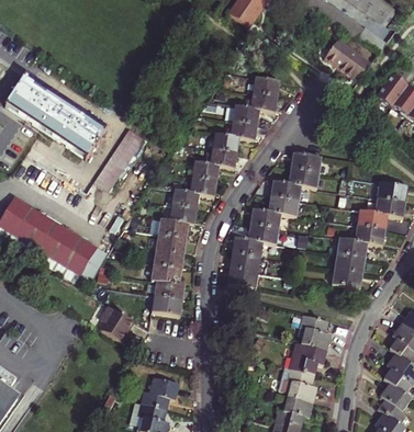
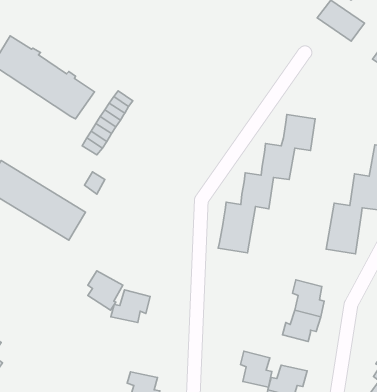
building: [150,78,279,317] -> none
building: [286,367,316,402] -> [240,351,272,387]
building: [141,377,179,409] -> [111,290,150,322]

